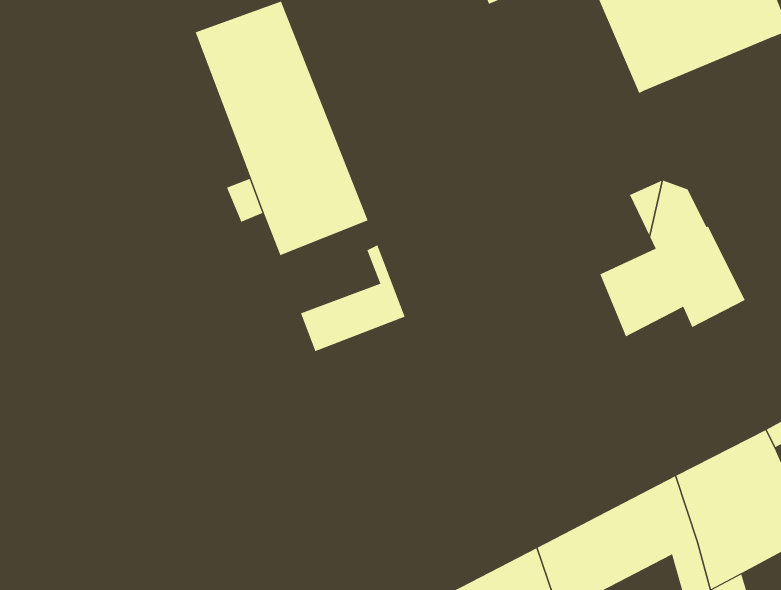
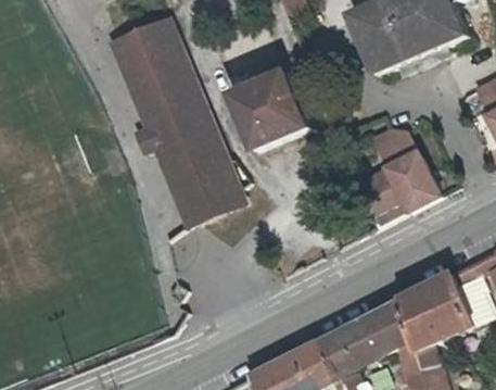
building: none -> [228,72,306,149]
building: none -> [166,147,225,201]

